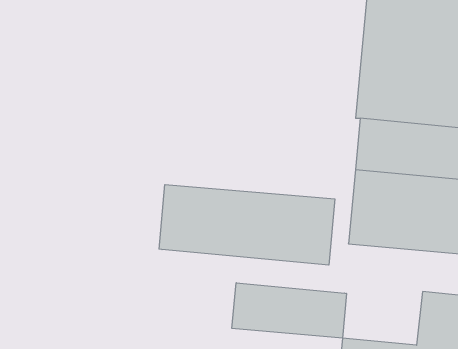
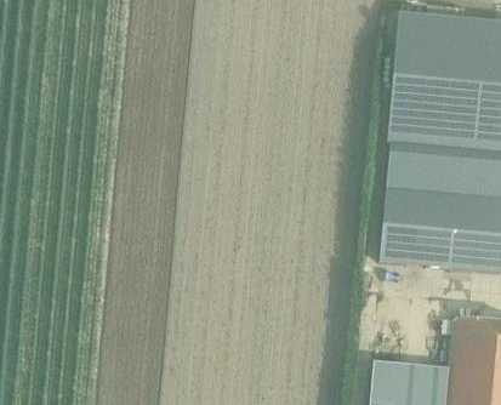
building: [159,185,335,265] -> none
building: [232,283,346,338] -> none

